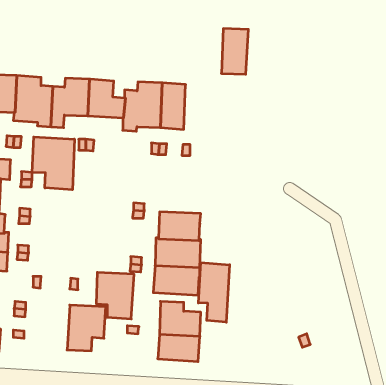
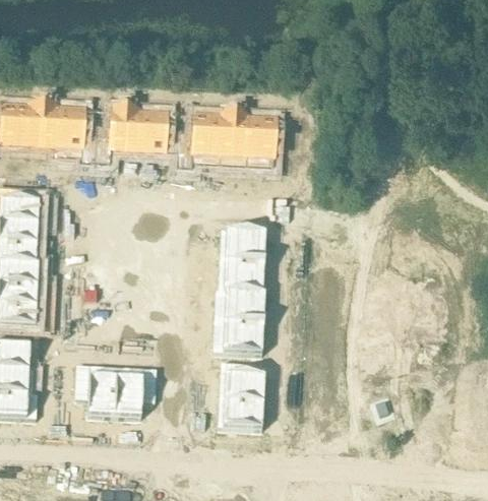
building: [221,29,248,74] -> [246,115,277,167]
building: [32,137,74,190] -> none
building: none -> [219,228,266,261]
building: [198,263,230,322] -> none
building: [96,272,134,319] -> [74,363,117,416]

